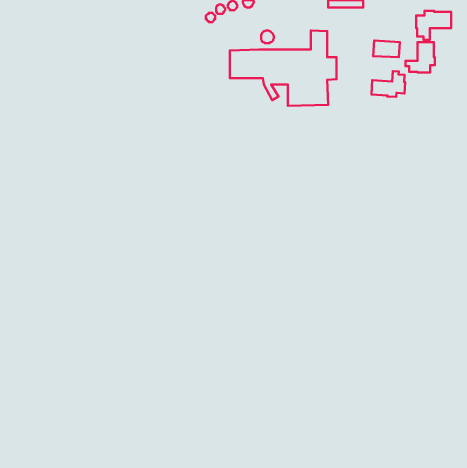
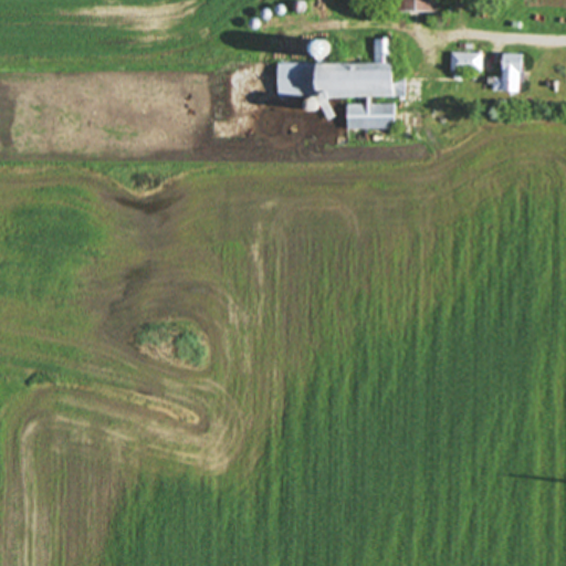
building: [416,11,451,40] -> none
building: [371,71,405,97] -> none

